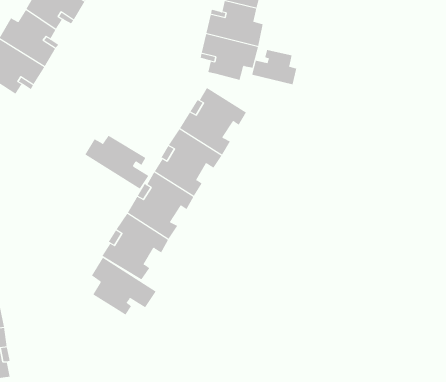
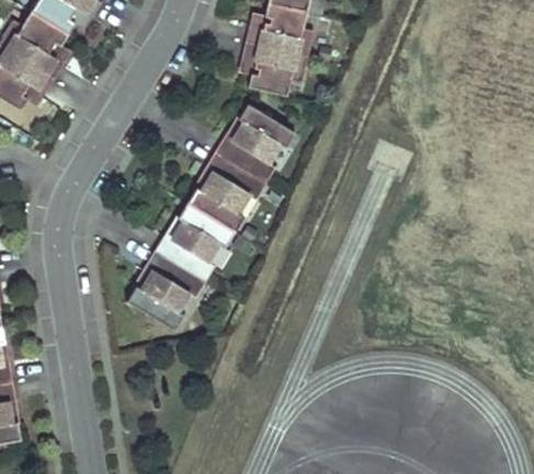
building: [252,49,297,85] -> none
building: [85,135,149,190] -> none
building: [91,257,156,316] -> none

